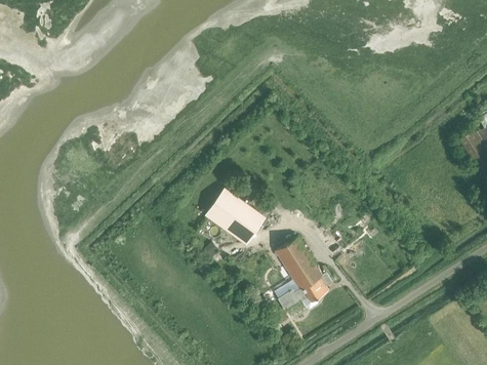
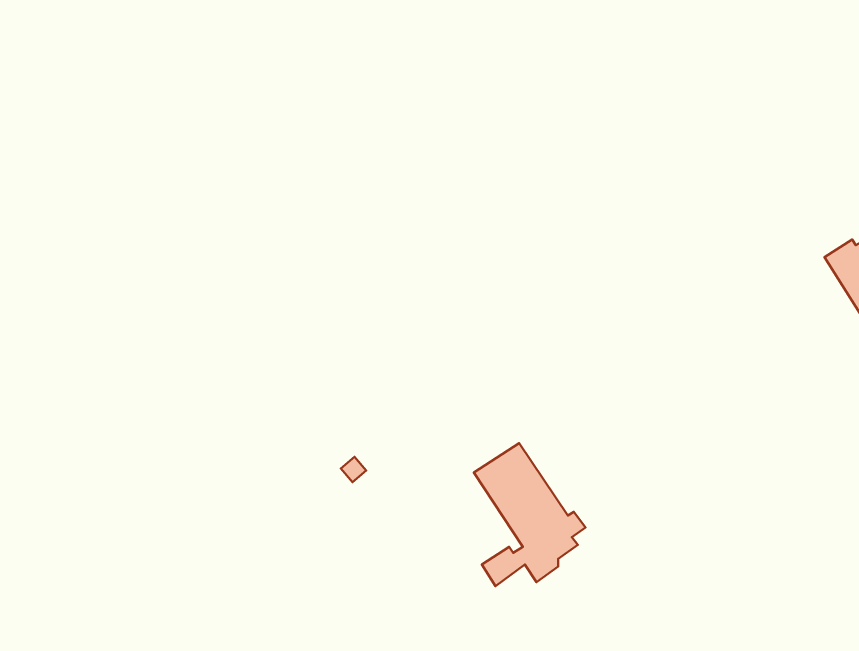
building: [207,190,266,244] -> none

